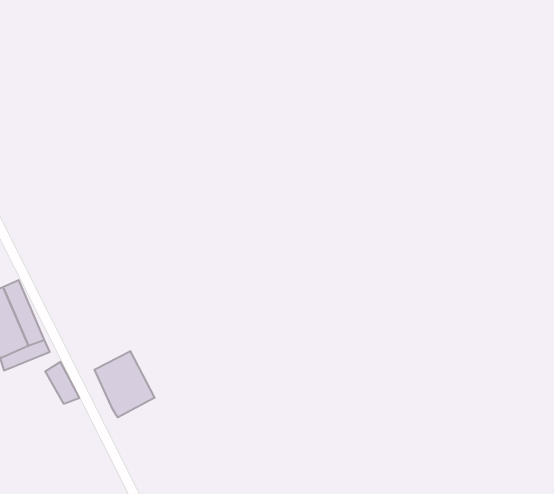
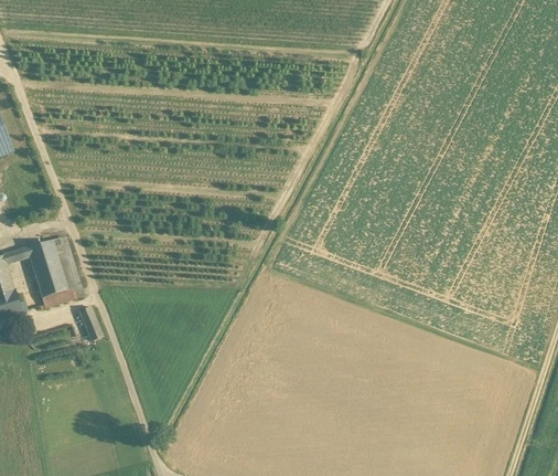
building: [94,351,155,417] -> none

